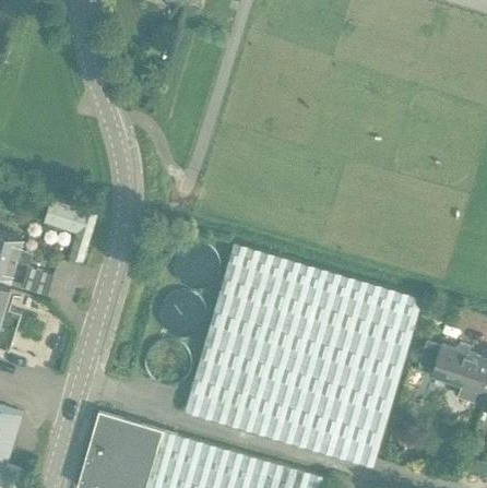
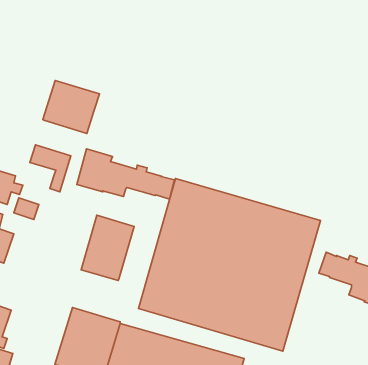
building: none -> [43,80,99,133]
building: none -> [77,149,175,199]
building: none -> [81,215,134,281]

